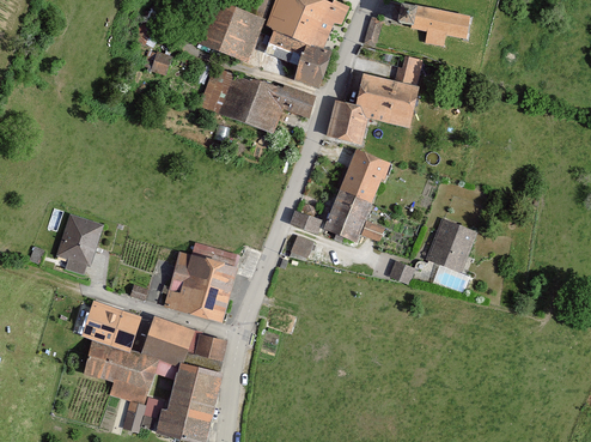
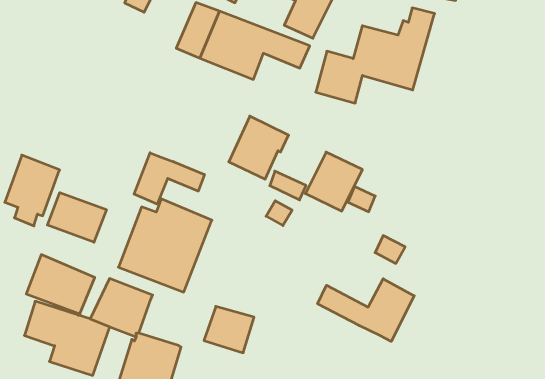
building: [339,147,390,202] -> [229,116,289,179]
building: none -> [134,153,204,204]
building: [424,217,476,273] -> none
building: none -> [47,193,106,242]
building: none -> [318,279,414,341]
building: [184,332,227,371] -> [204,306,254,353]

